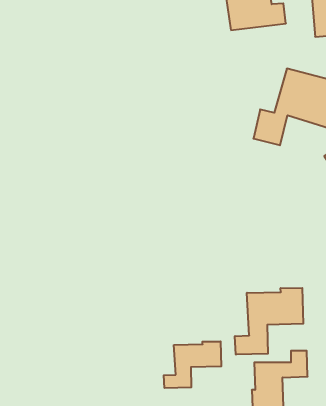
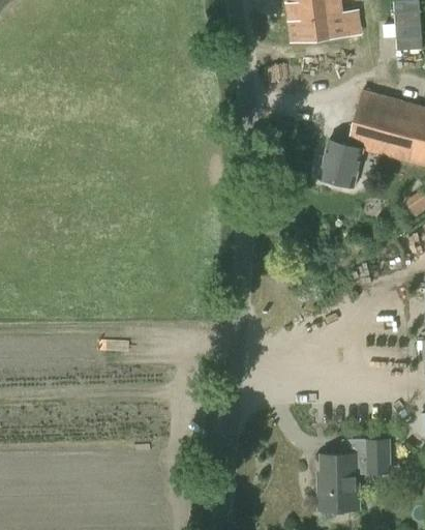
building: [235,288,303,355] -> none
building: [164,341,221,388] -> none

